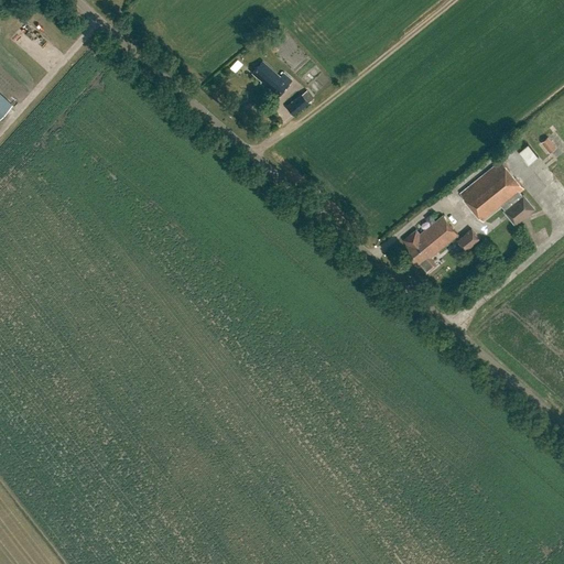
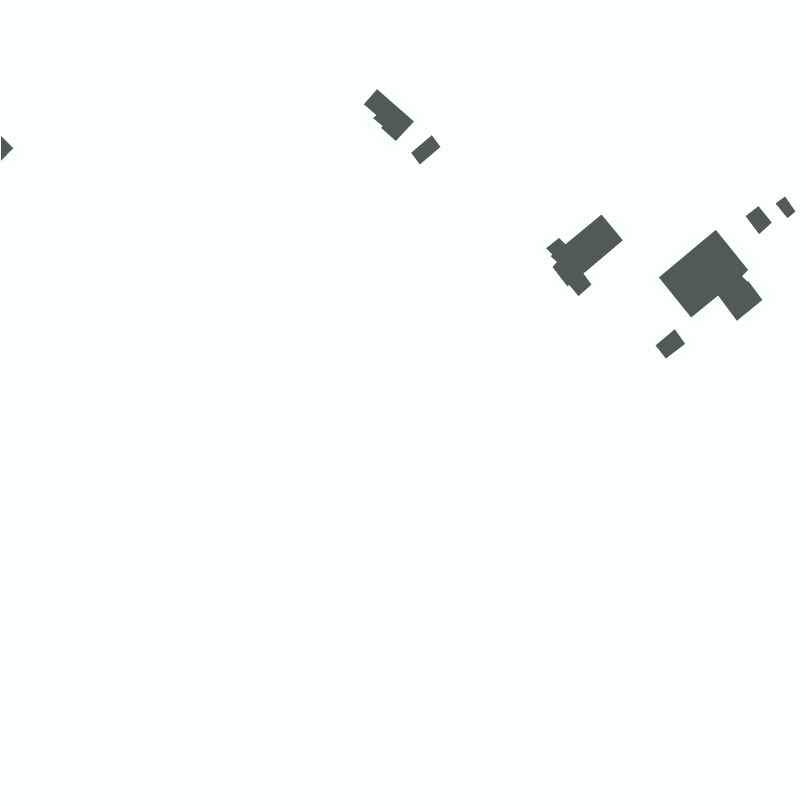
building: [403,215,458,273] -> [545,213,624,297]

